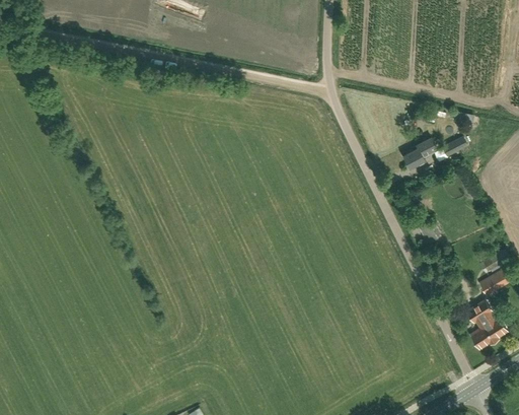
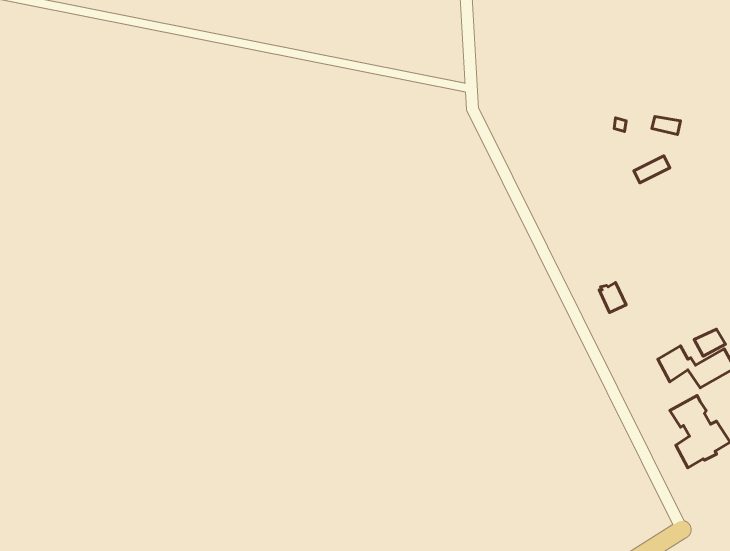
building: [403,139,437,168] -> none

